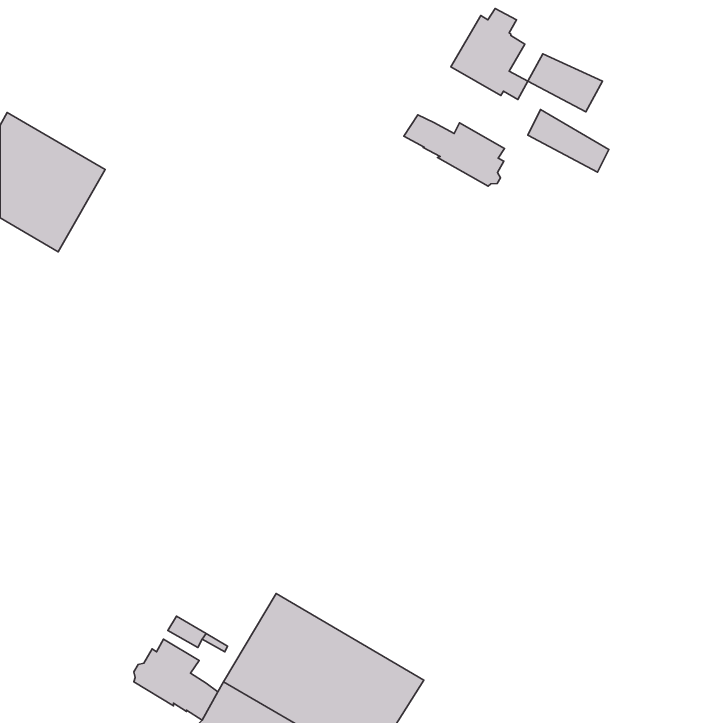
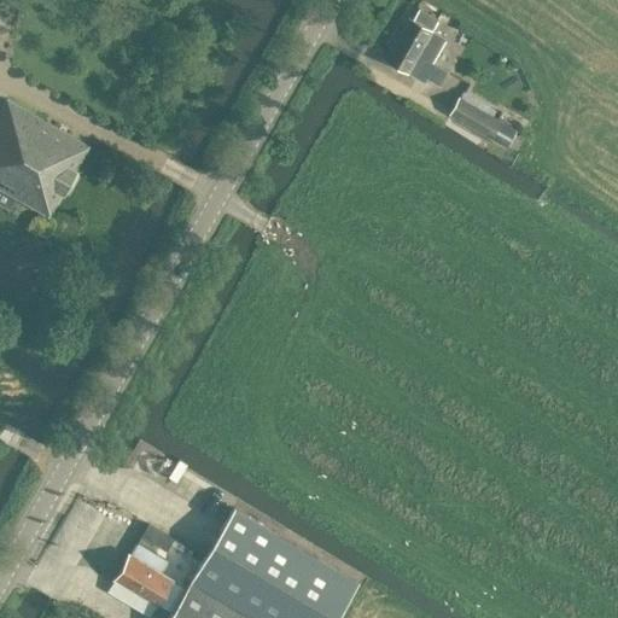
building: [528,54,603,112] -> none
building: [404,115,504,186] -> none

